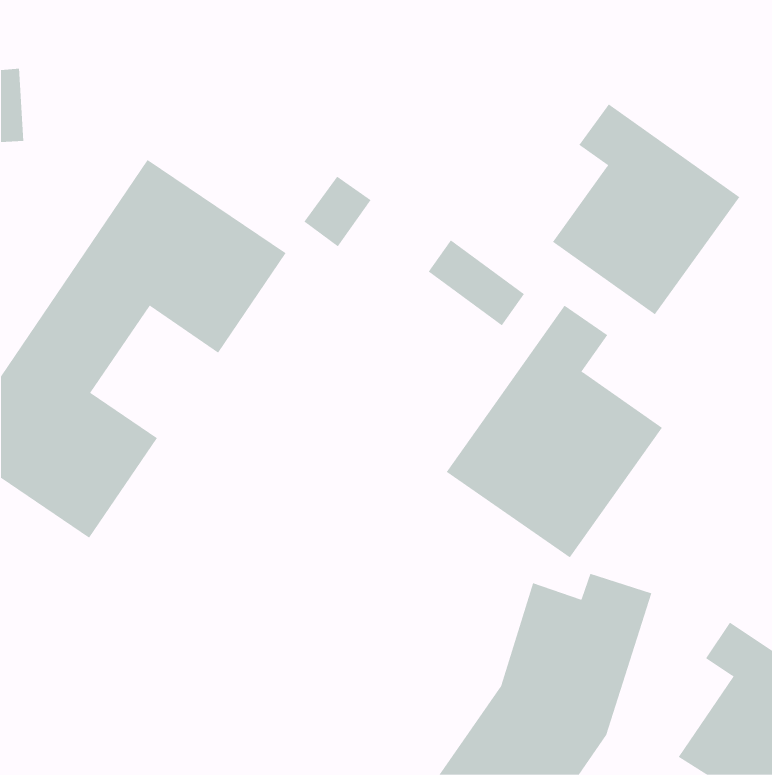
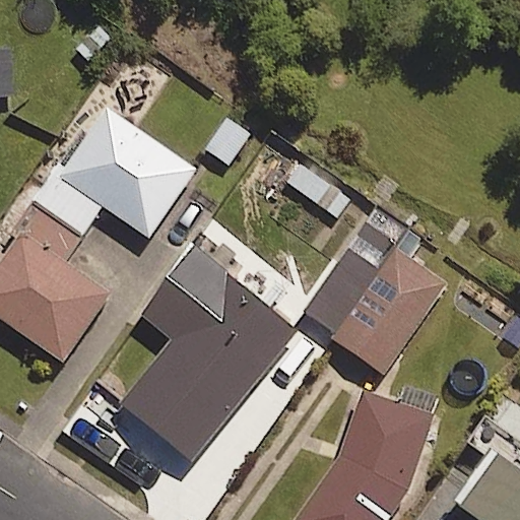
building: [552,104,740,315] -> none
building: none -> [120,251,295,462]

